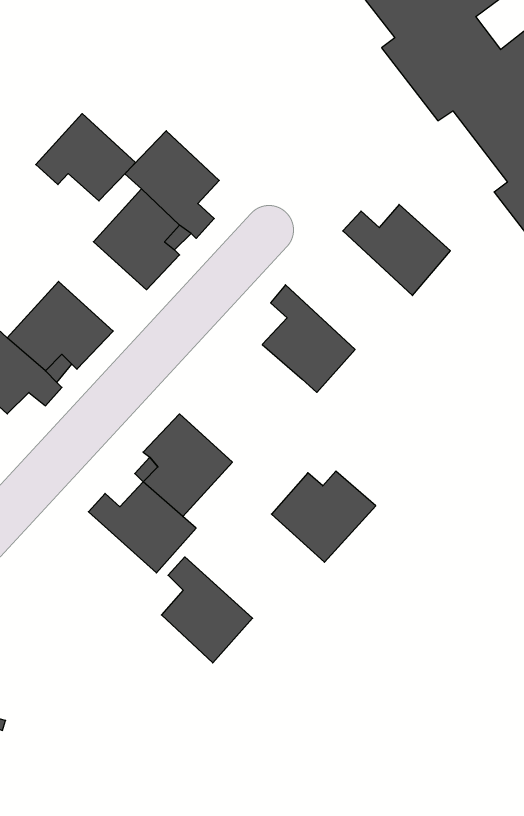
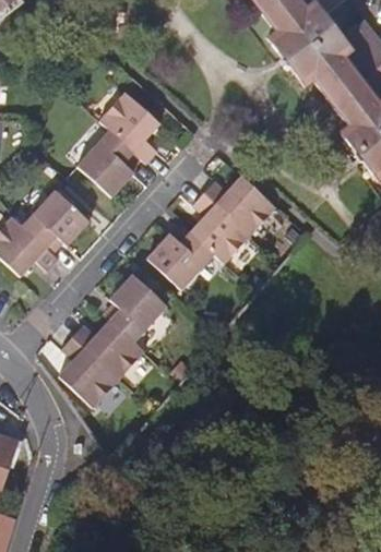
building: [36,114,136,201] -> none
building: [343,204,450,296] -> [204,173,275,233]
building: [271,471,376,562] -> [146,230,215,290]
building: [161,557,253,663] -> [59,340,119,410]

